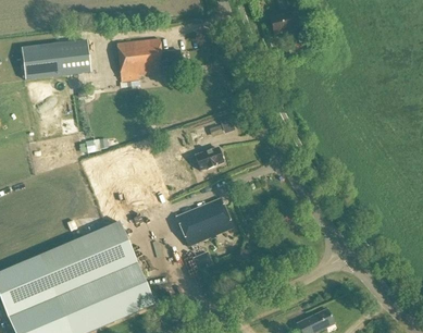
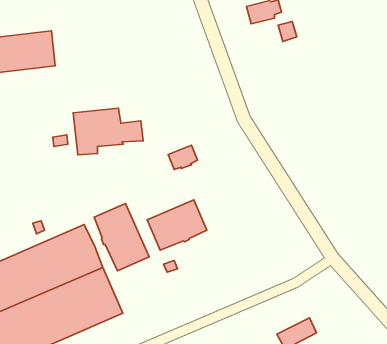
building: [117,37,183,81] -> [73,108,143,155]
building: none -> [94,203,149,271]

